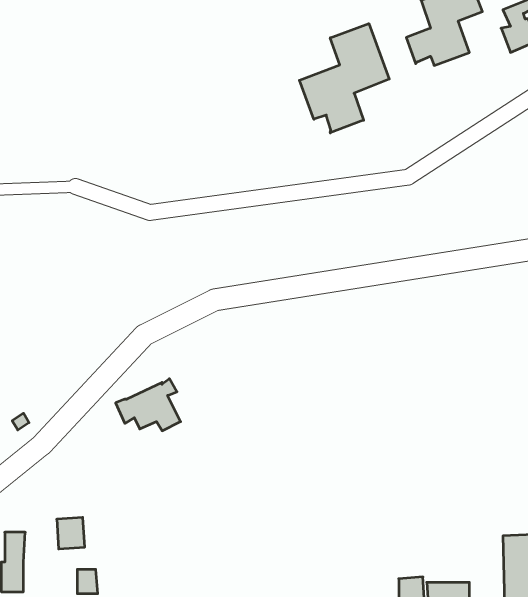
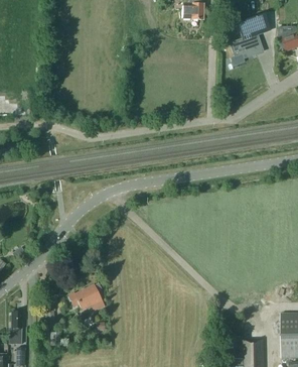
building: [299,24,389,133] -> none
building: [116,379,181,431] -> [69,282,105,311]

